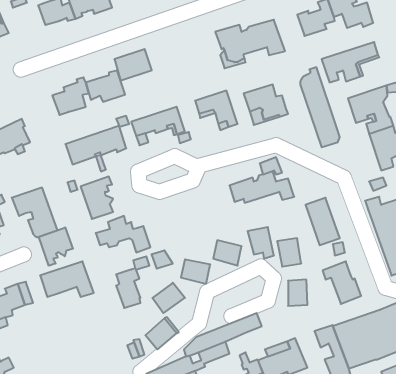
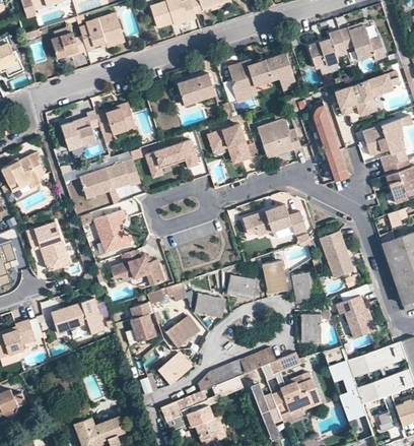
building: [114,49,152,80] -> [180,73,217,105]
building: [39,227,73,266] -> none
building: none -> [260,352,299,380]

